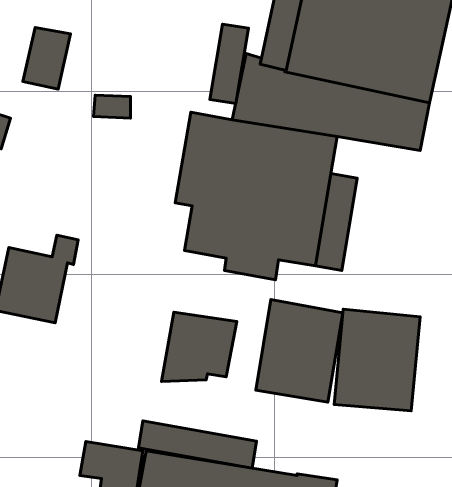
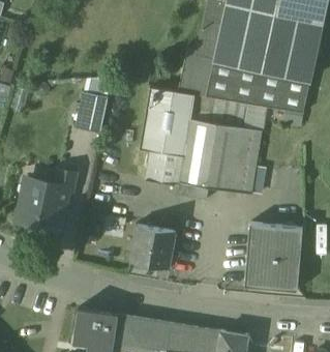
building: [210,24,248,104] -> none
building: [23,28,71,89] -> [76,92,108,134]
building: [256,299,343,402] -> none
building: [139,421,257,468] -> none

